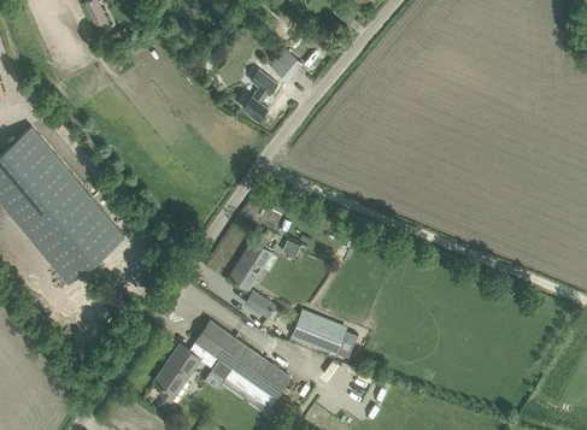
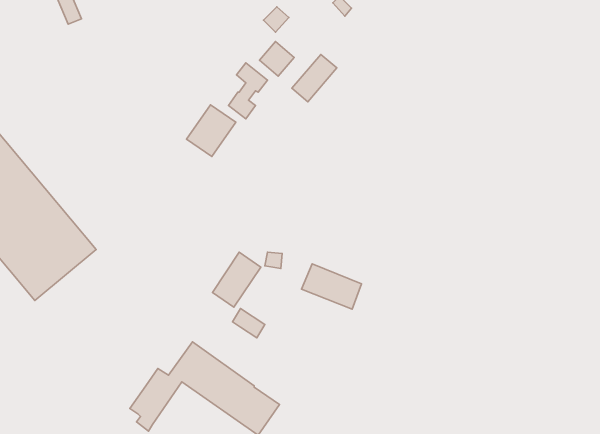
building: none -> [292,55,337,102]
building: none -> [186,105,236,156]
building: [292,312,346,353] -> [301,264,362,309]

